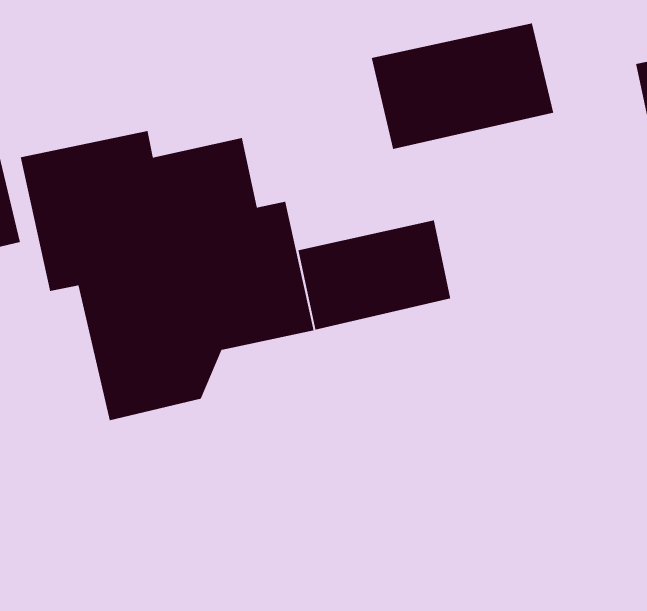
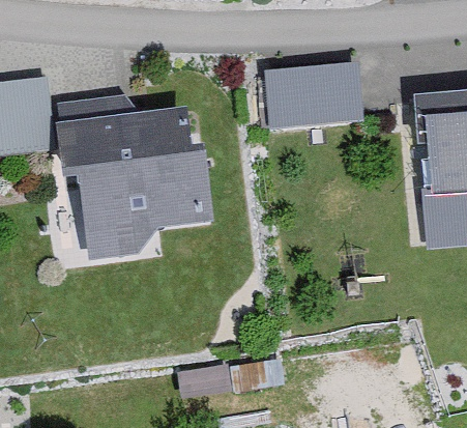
building: [298,220,451,331] -> none

